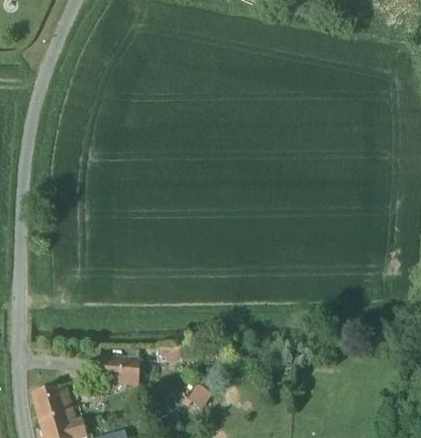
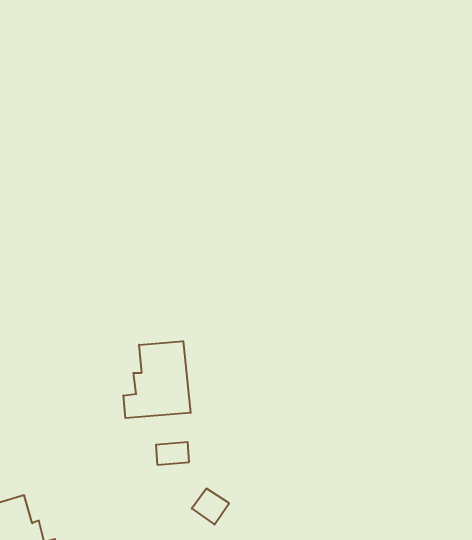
building: none -> [123,341,191,418]
building: [98,354,140,381] -> none

